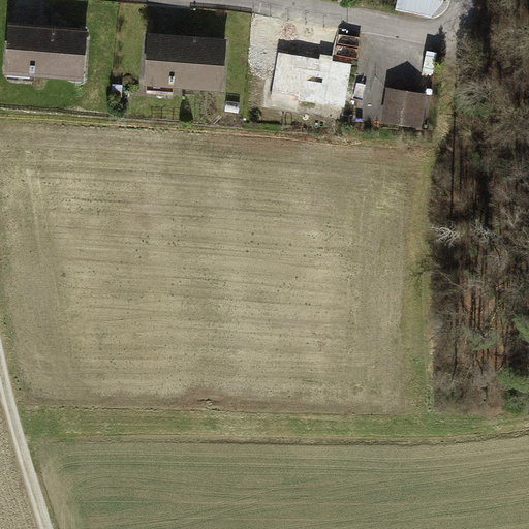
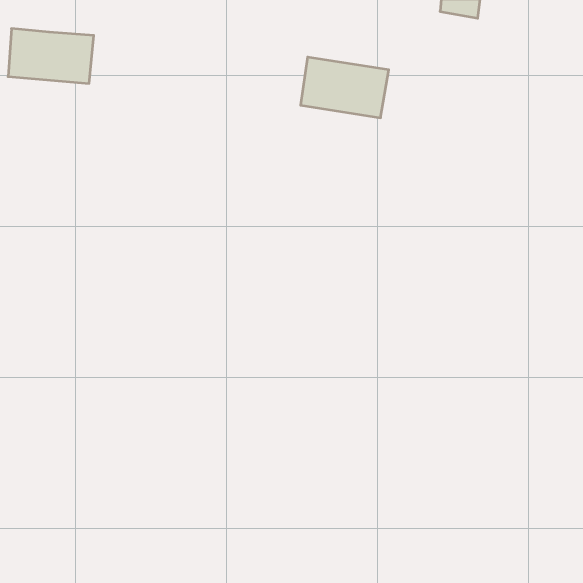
building: [147,36,224,86] -> none
building: [386,90,422,124] -> none

